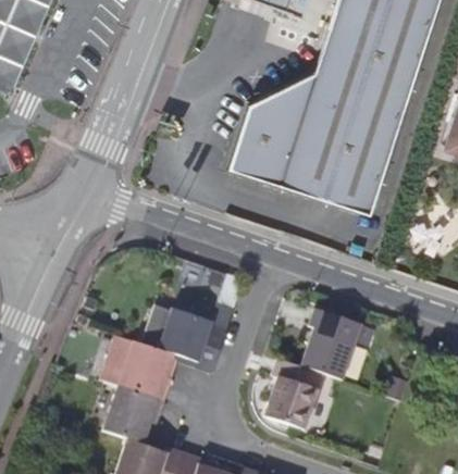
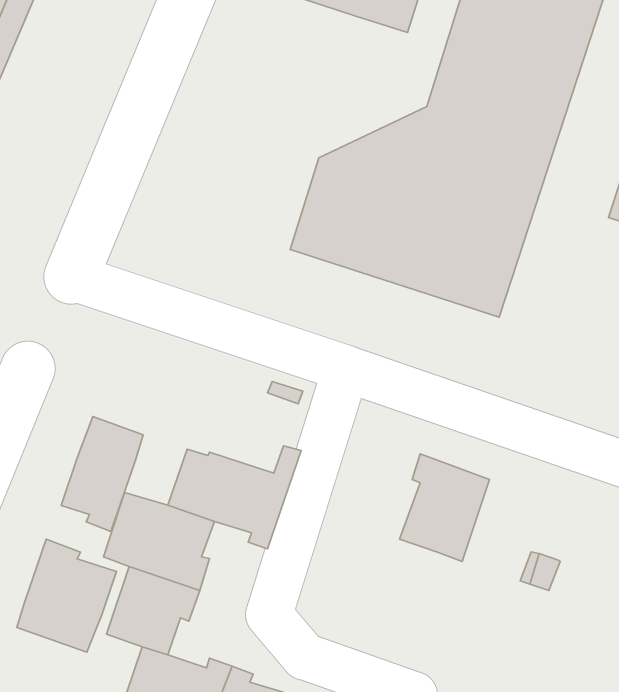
building: none -> [61,417,143,532]
building: [264,358,326,429] -> none
building: none -> [17,539,116,652]

